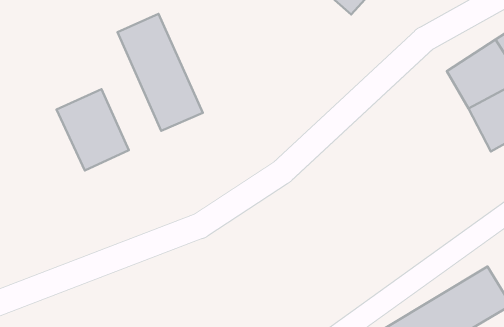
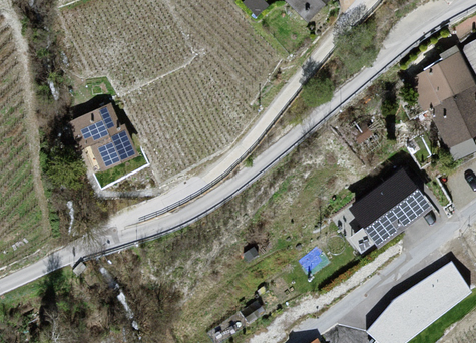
building: [118,14,203,131] -> none
building: none -> [343,163,430,246]

